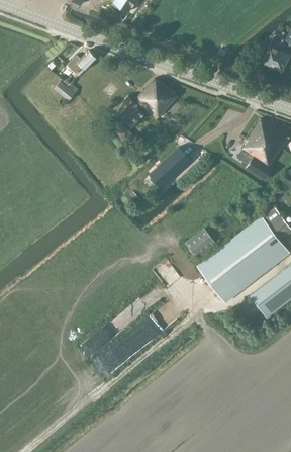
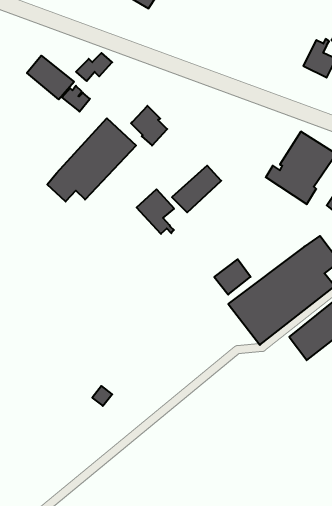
building: none -> [27,56,74,99]
building: [135,79,179,120] -> none
building: none -> [47,118,136,202]
building: none -> [137,189,174,234]

